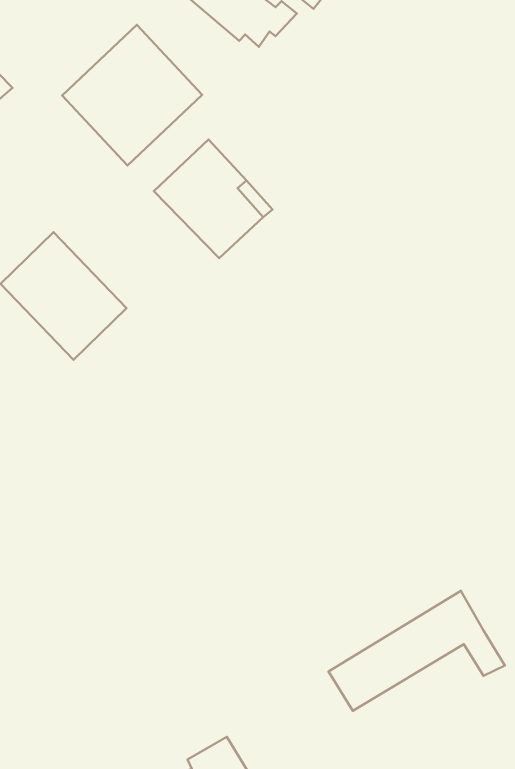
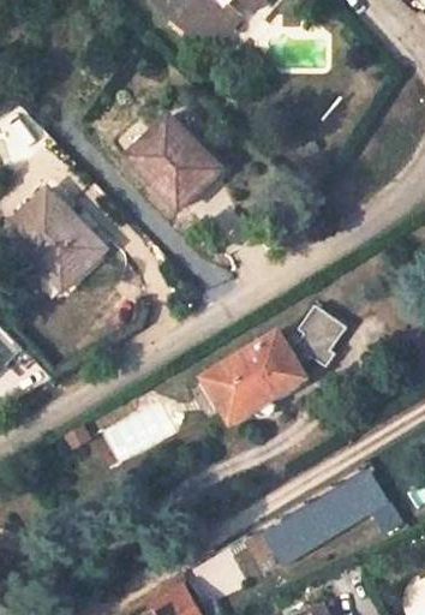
building: [62,25,202,165] -> none
building: none -> [204,303,345,419]

